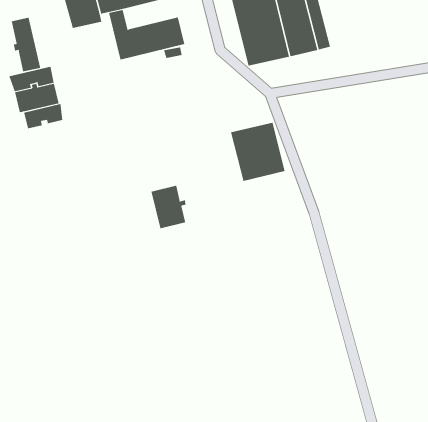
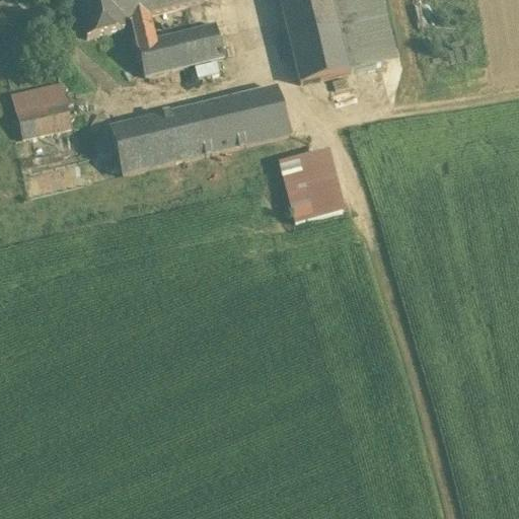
building: [11,17,41,72] -> none
building: none -> [109,84,289,173]
building: [23,103,63,129] -> none
building: [151,185,186,229] -> none

